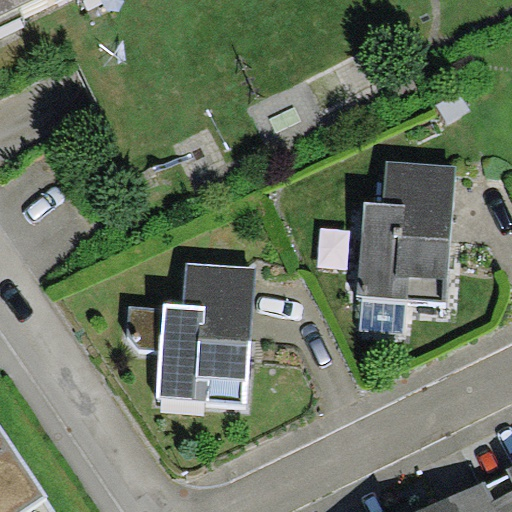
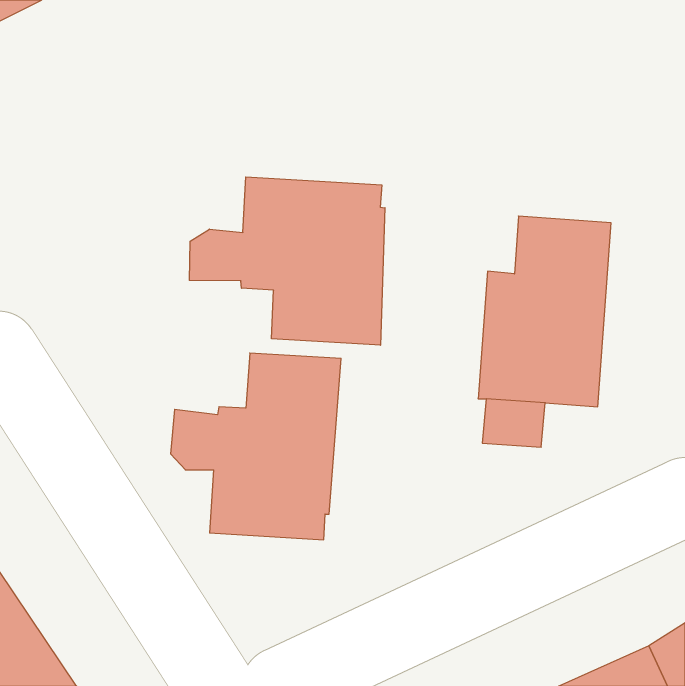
building: none -> [189,177,385,345]

